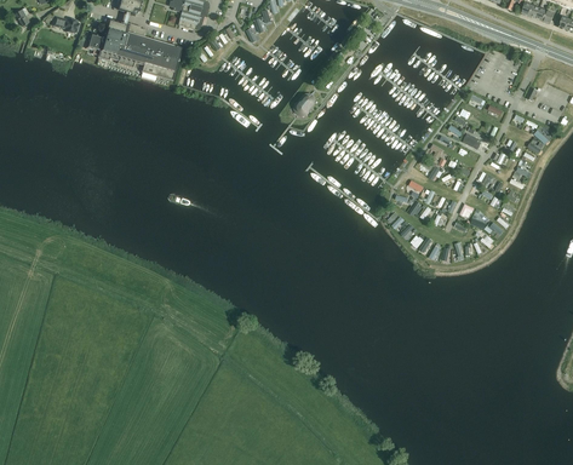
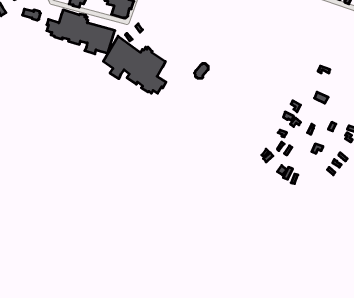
building: none -> [103,36,166,93]

